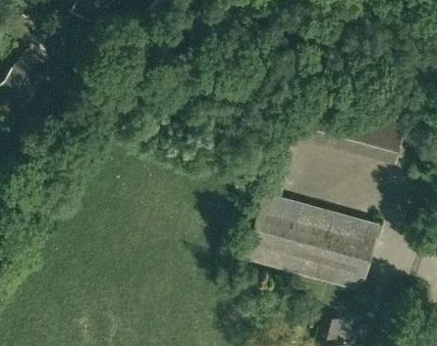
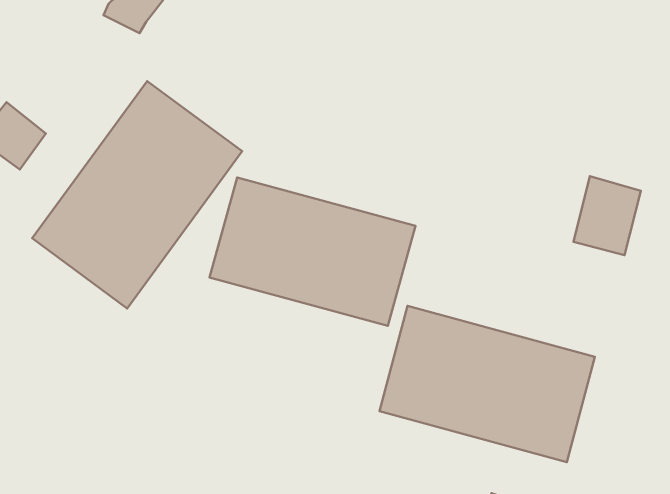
building: none -> [32,81,242,309]
building: none -> [209,177,416,326]

